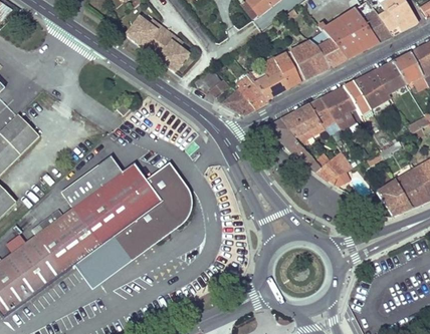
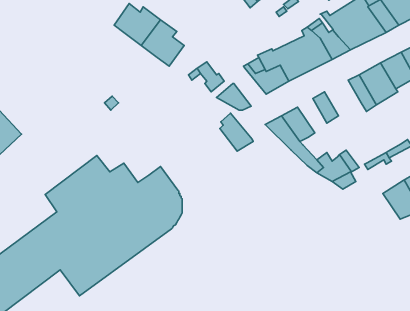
building: [237,75,268,110] -> [220,113,253,151]
building: [321,86,356,127] -> none
building: [296,103,326,135] -> none

